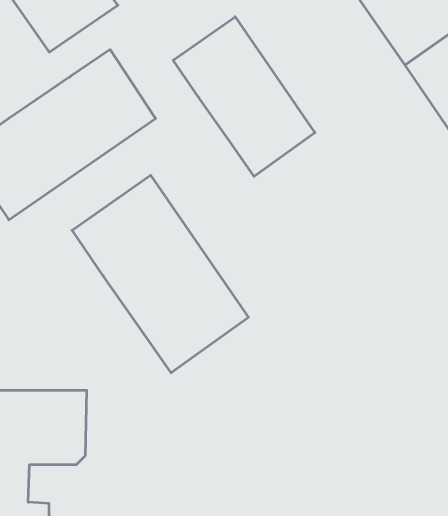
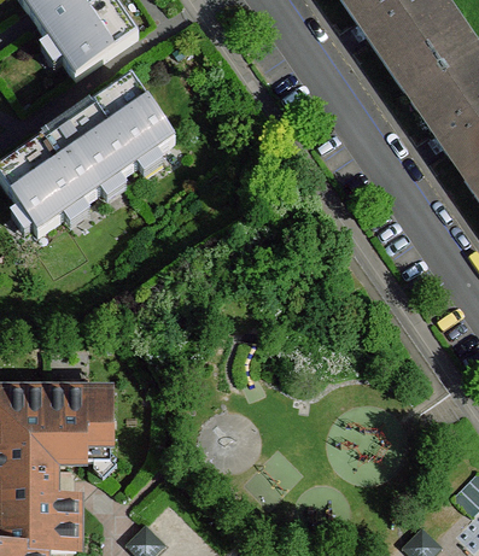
building: [173,17,315,176] -> none
building: [72,175,248,373] -> none

